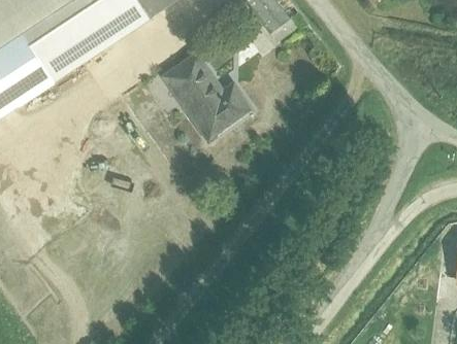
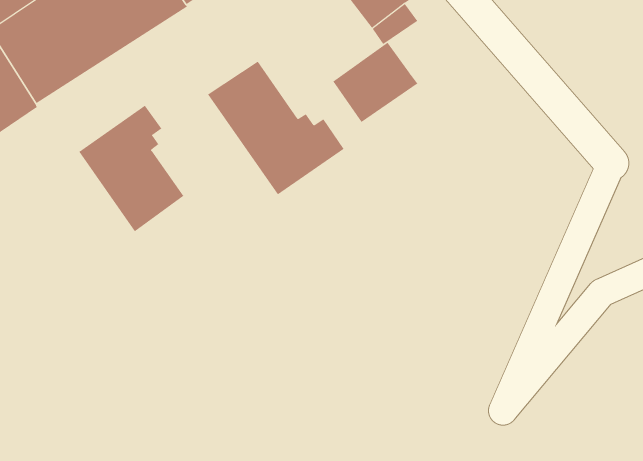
building: none -> [332,42,418,123]
building: none -> [79,105,184,232]

